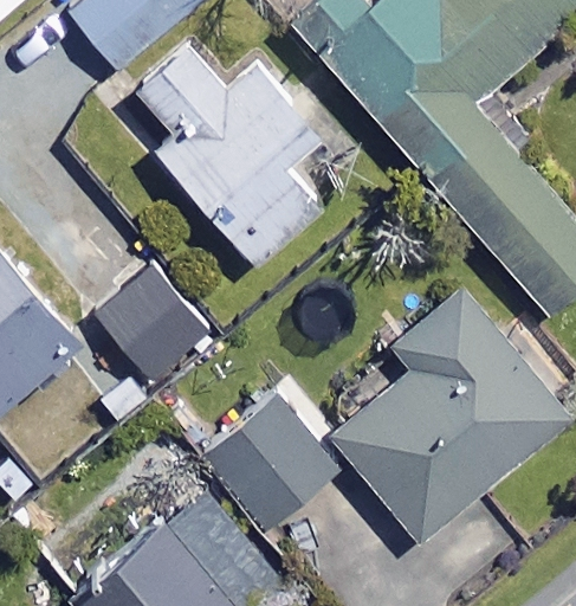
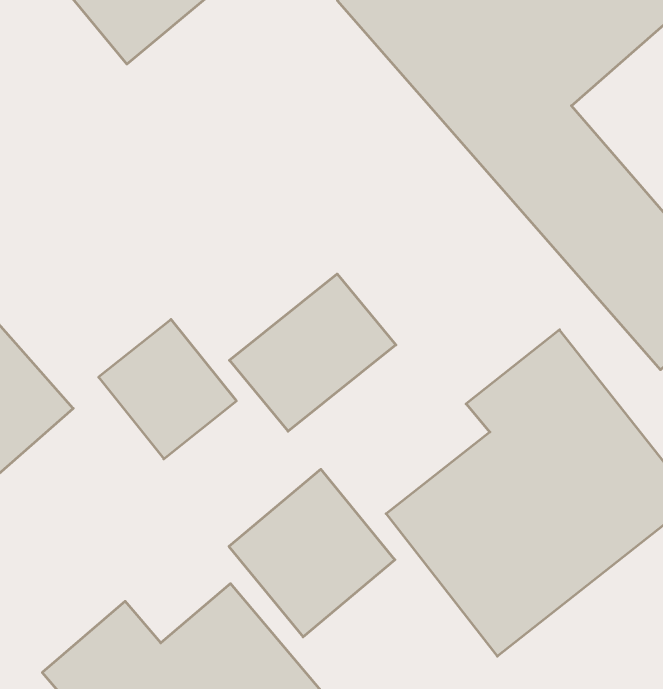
building: [132,39,316,264] -> none
building: none -> [229,274,396,431]

